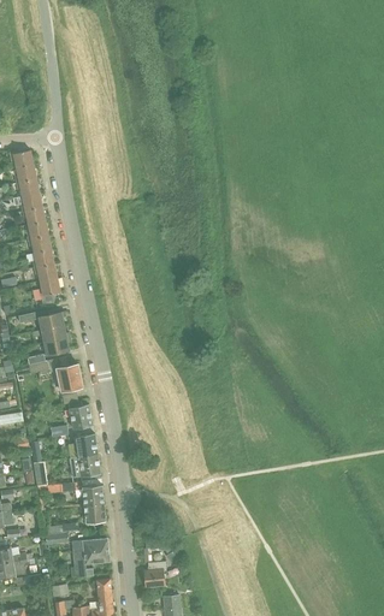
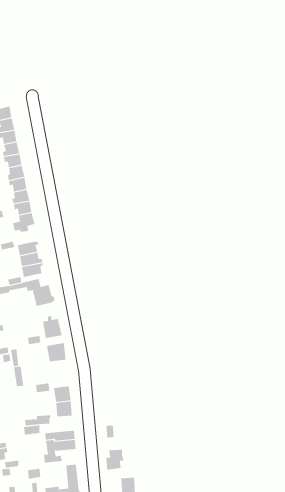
building: [69,454,100,478] -> none

